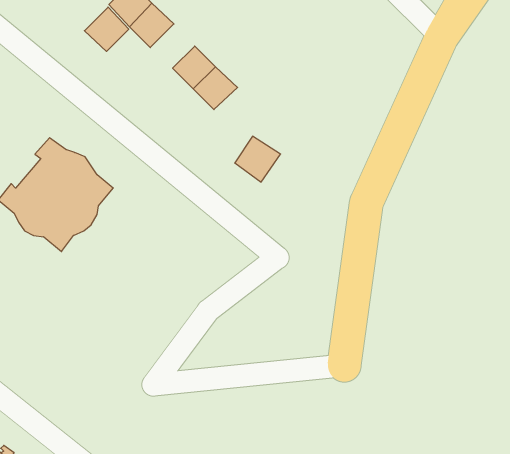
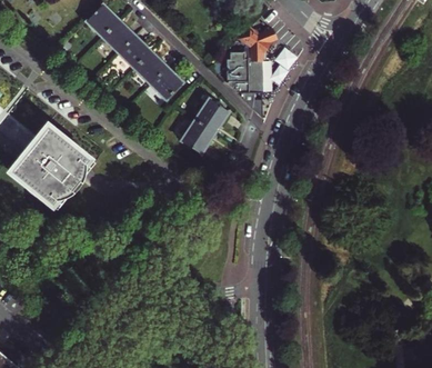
building: [84,7,129,51] -> [119,37,152,70]
building: none -> [228,29,277,111]
building: none -> [195,100,230,135]

